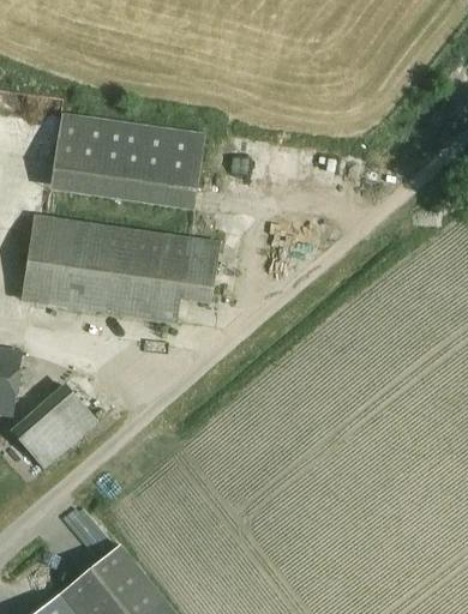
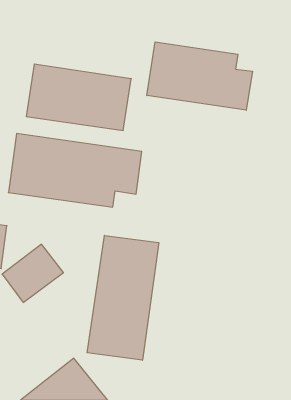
building: none -> [147,42,252,110]
building: none -> [87,235,159,360]

